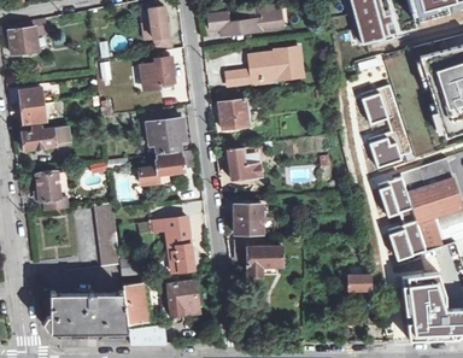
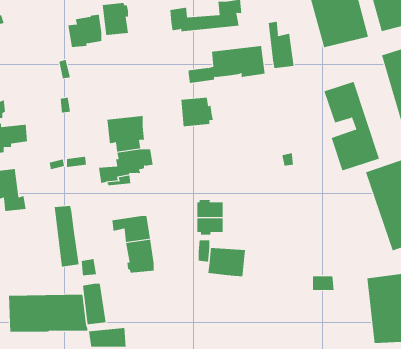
building: none -> [268,21,294,69]
building: [140,55,174,88] -> [68,14,102,47]
building: [228,146,263,181] -> none
building: [375,174,427,260] -> none
building: [165,280,199,321] -> none

